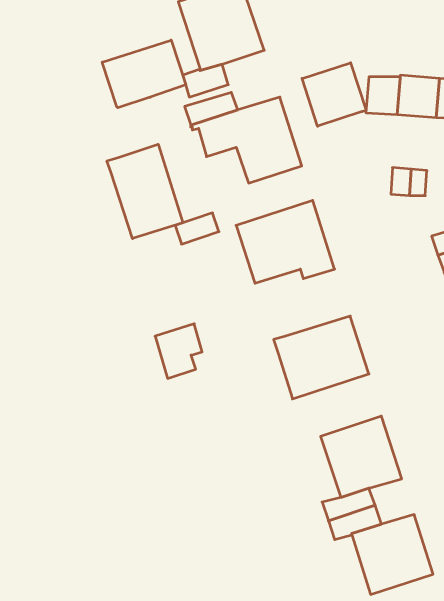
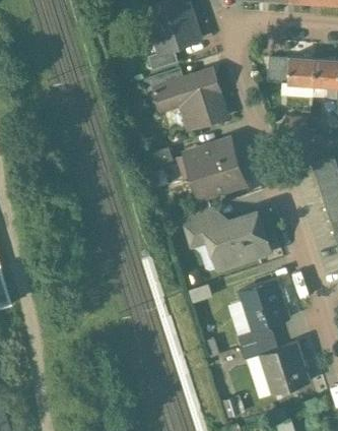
building: [102,40,186,108] -> none
building: [302,63,366,126] -> none
building: [107,144,183,239] -> none
building: [155,324,202,378] -> [184,209,214,245]

